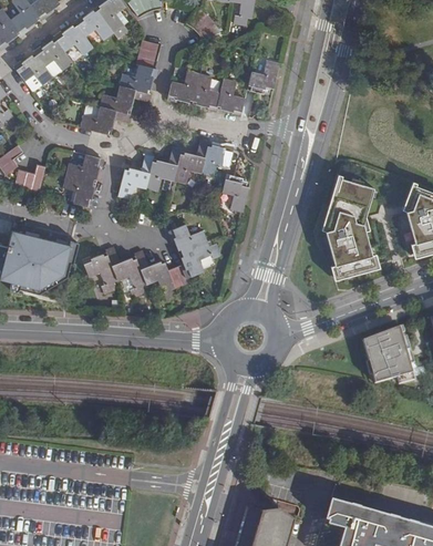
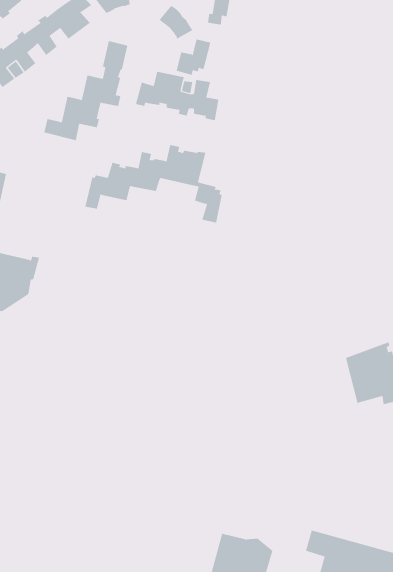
building: [246,60,279,94] -> [176,39,211,75]
building: [62,154,104,208] -> none
building: [324,176,381,278] -> none
building: [81,225,220,302] -> none

